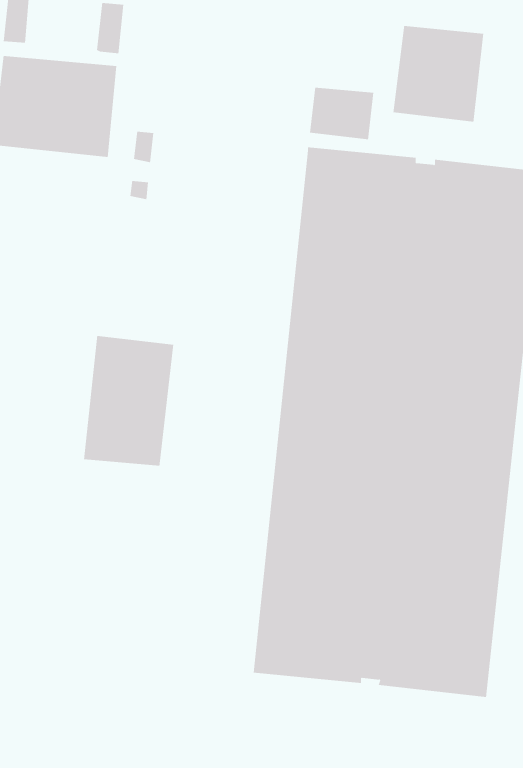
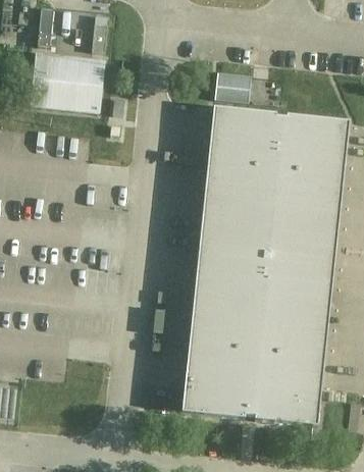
building: [393,25,484,122] -> none
building: [84,335,174,467] -> none

